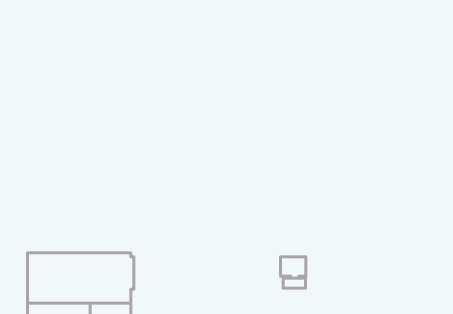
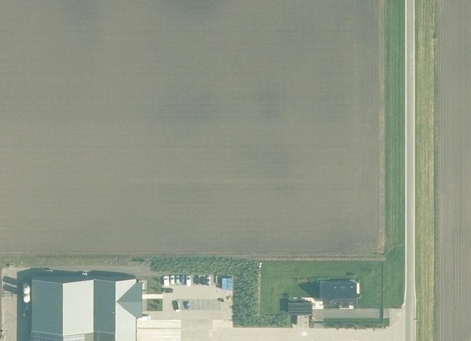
building: [281,257,306,278] -> [330,284,355,305]

